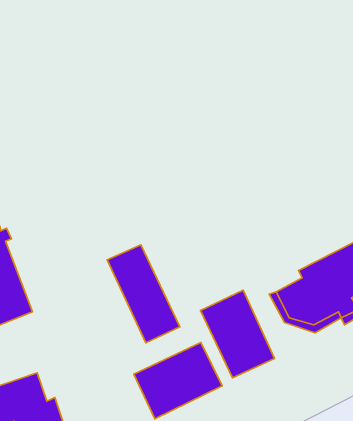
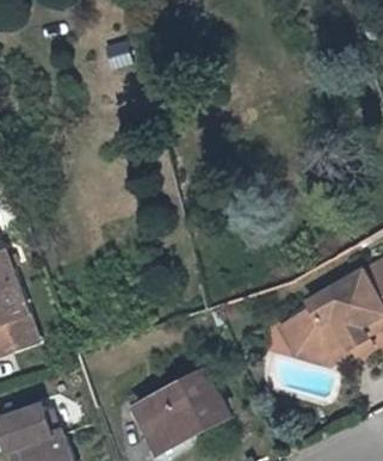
building: [107,245,180,343] -> none
building: [200,290,274,378] -> none

